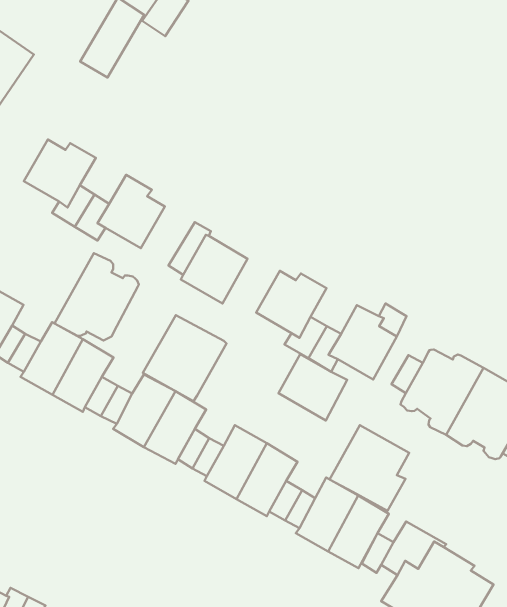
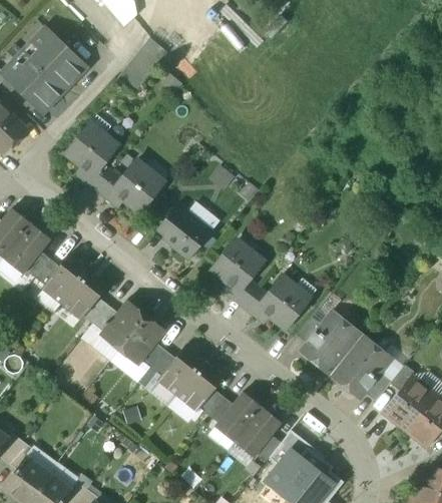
building: [55,253,139,340] -> none
building: [143,315,227,401] -> none
building: [278,354,347,420] -> none
building: [330,425,409,511] -> none

